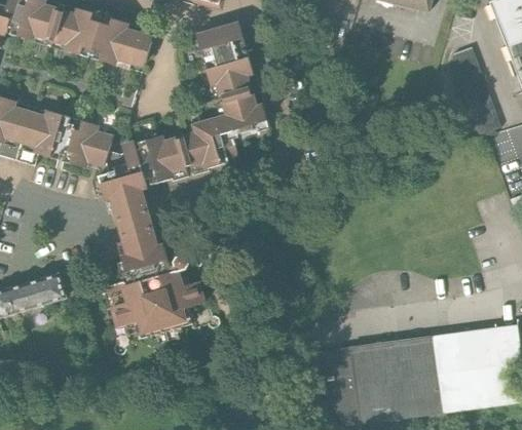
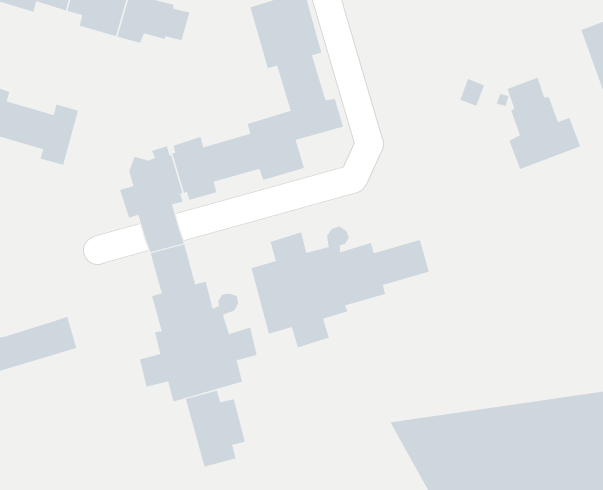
building: none -> [507,77,581,170]
building: [54,116,111,167] -> none
building: none -> [251,226,430,348]
building: none -> [185,390,245,467]

